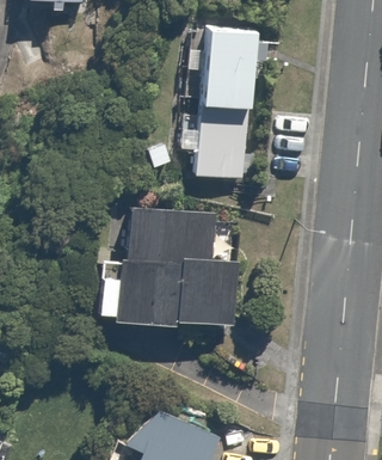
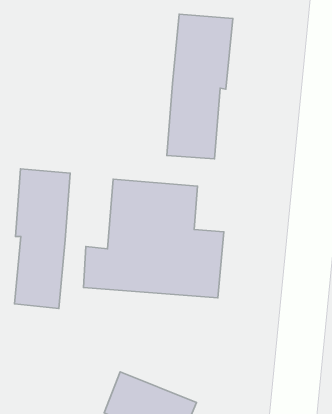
building: none -> [15,169,70,308]

